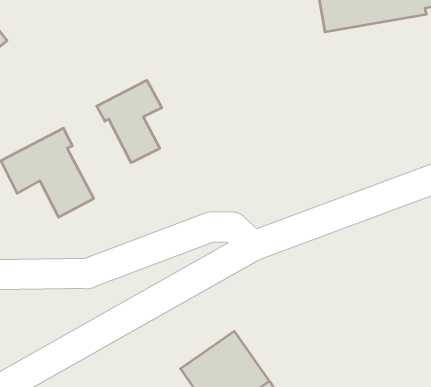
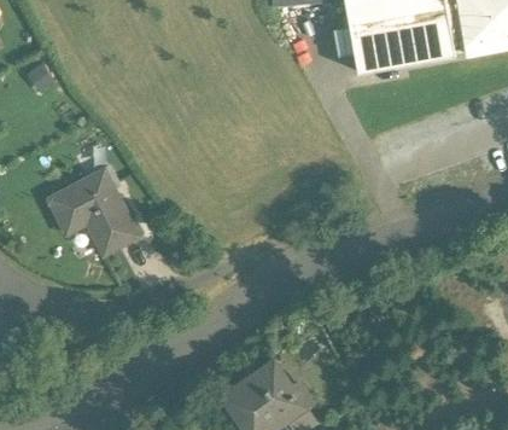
building: [97,80,162,163] -> none

